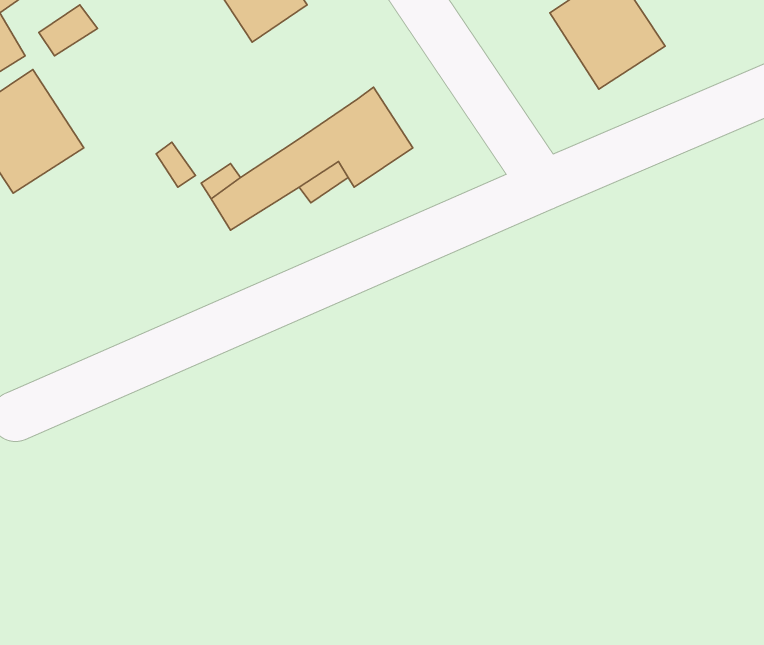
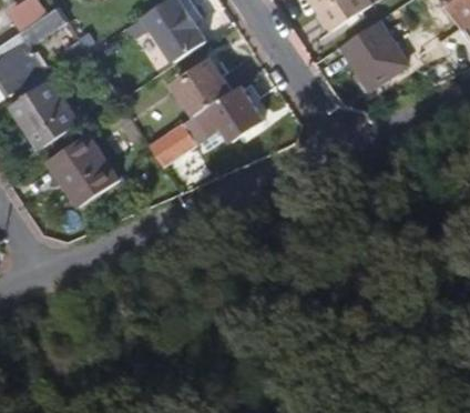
building: none -> [177,62,233,117]
building: none -> [45,134,120,211]

